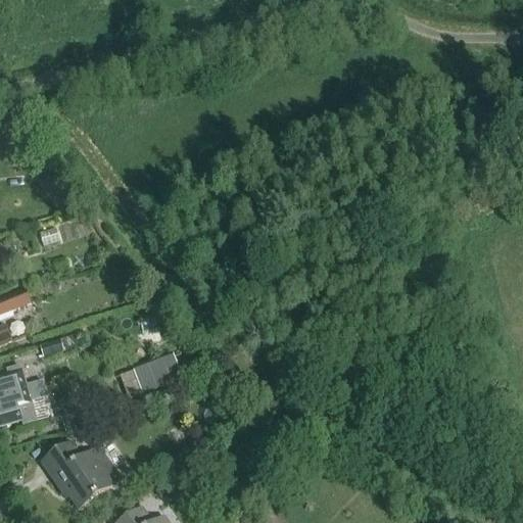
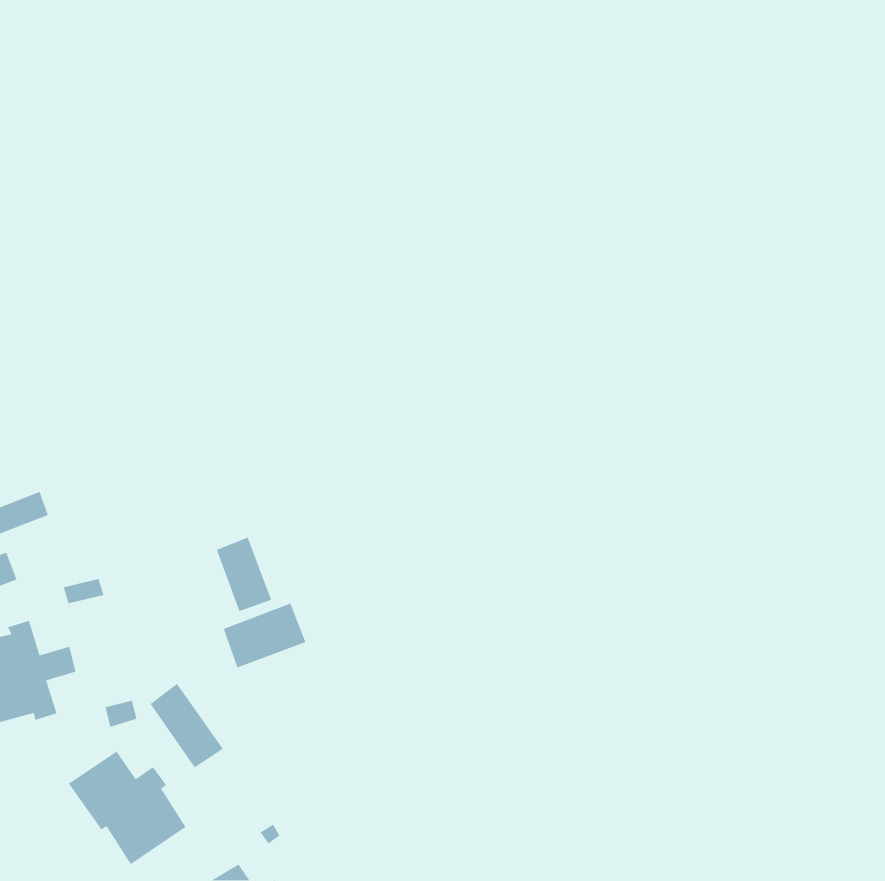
building: none -> [216,536,272,612]
building: none -> [149,683,224,769]

